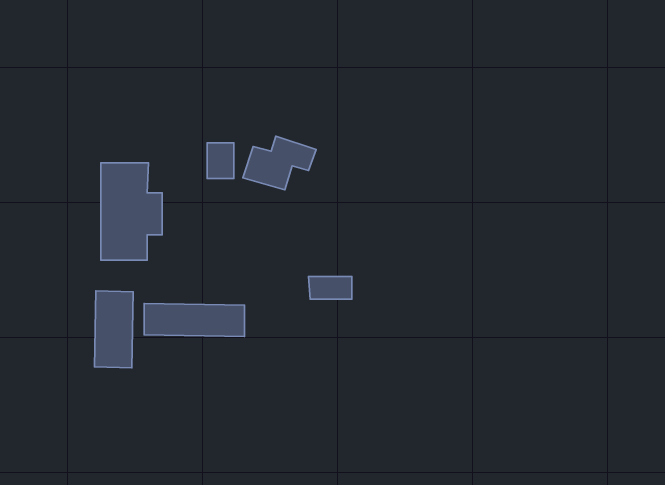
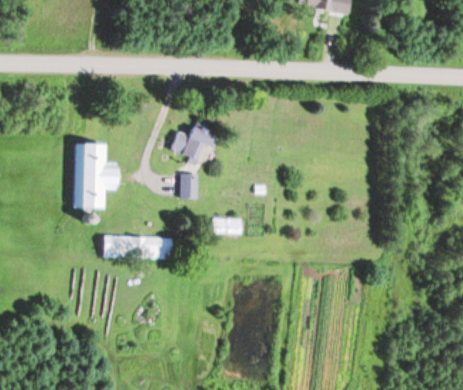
building: [207,143,234,179] -> [180,173,198,197]
building: [95,291,133,368] -> none

